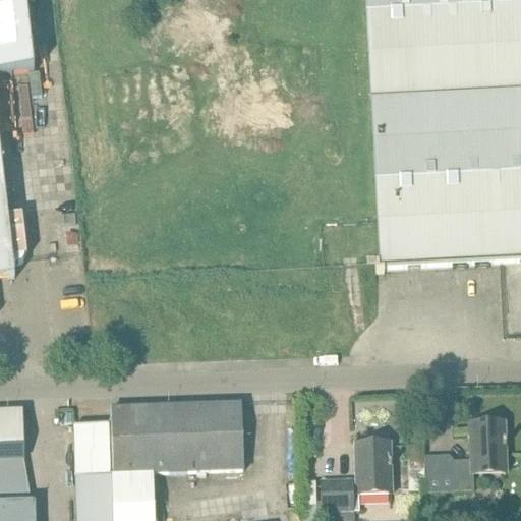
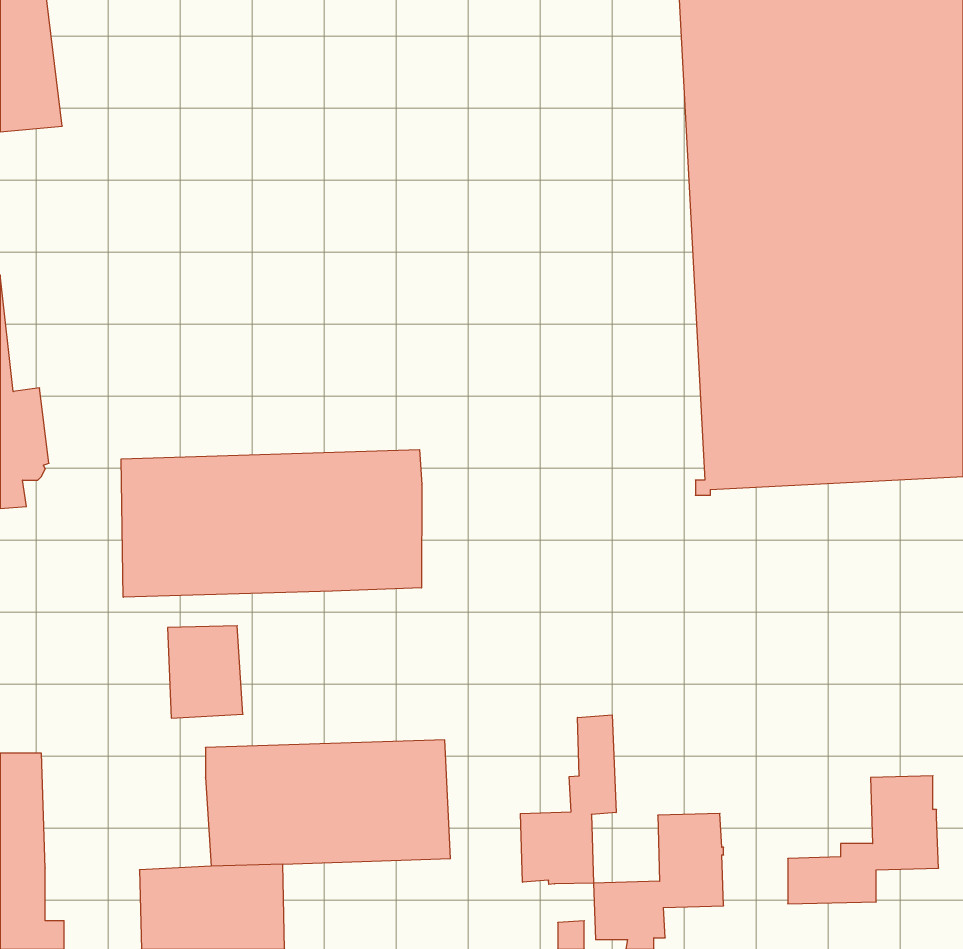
building: none -> [121,450,422,597]
building: none -> [520,715,616,884]
building: [73,420,114,470] -> [168,626,243,718]

